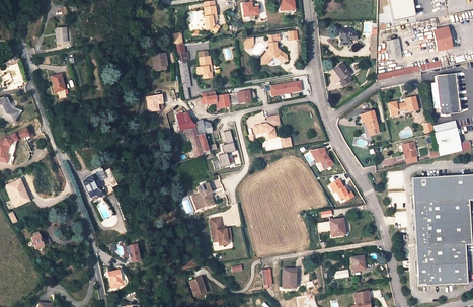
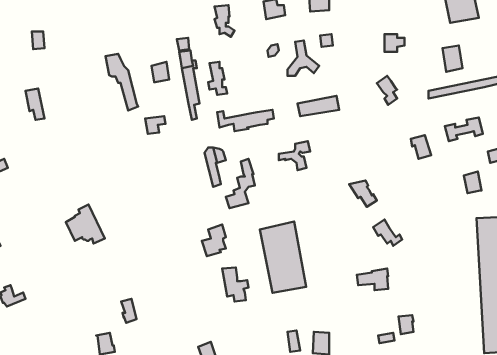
building: [176,111,203,157] -> [105,54,138,110]
building: none -> [260,222,306,293]

